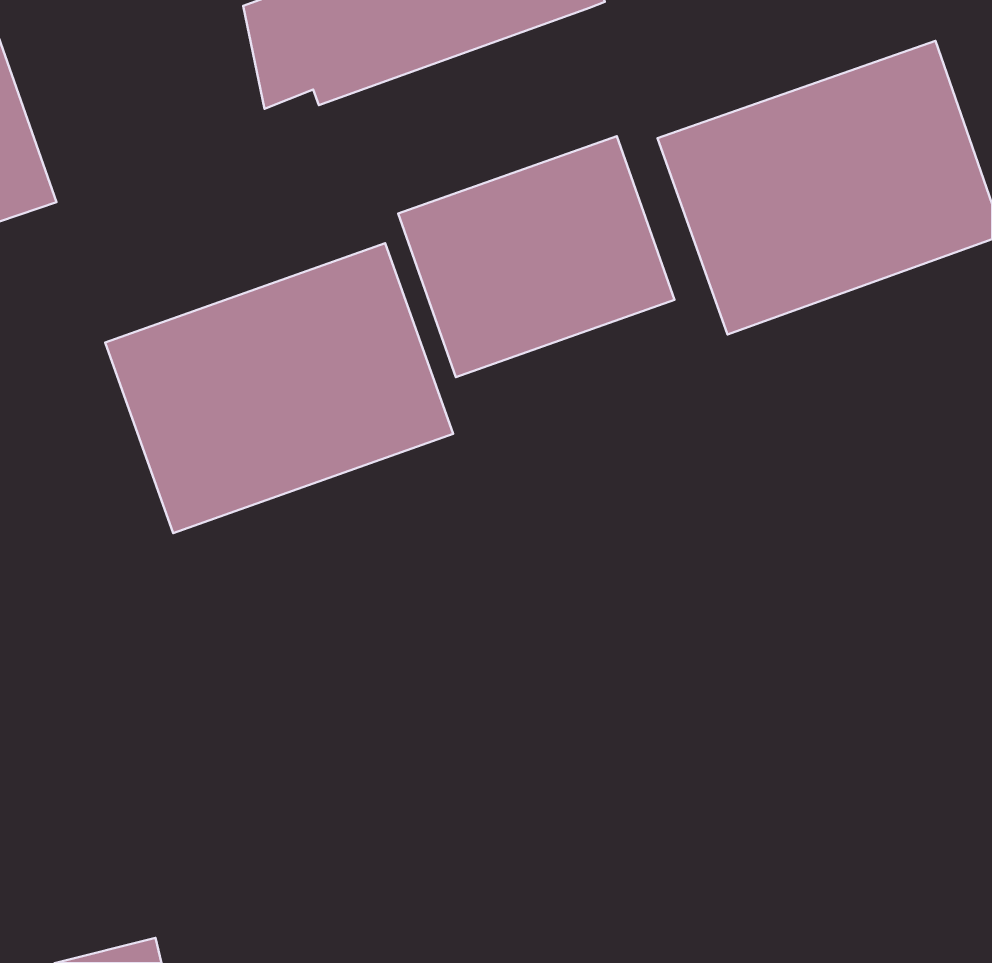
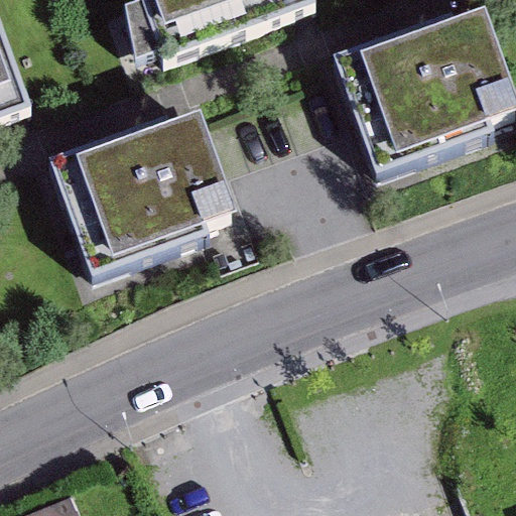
building: [398,136,674,377] -> none

